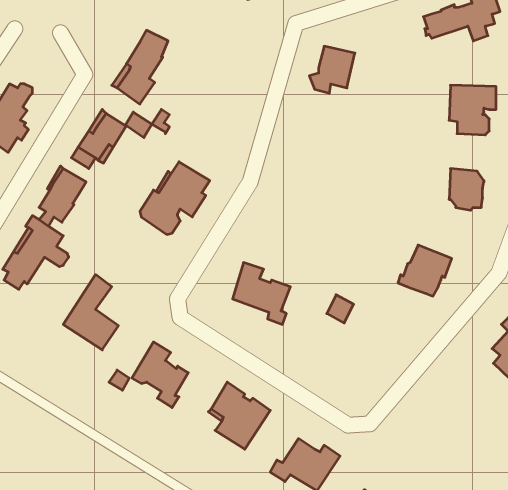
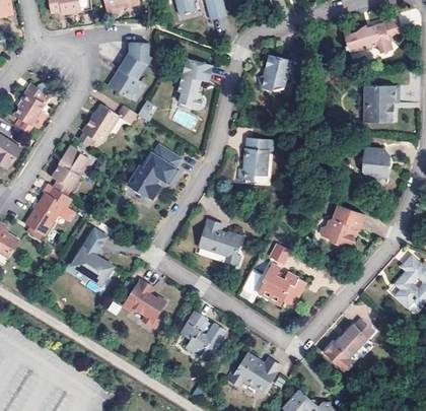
building: none -> [179,59,212,110]
building: none -> [237,139,272,181]
building: none -> [258,264,305,305]
building: none -> [324,319,374,371]

